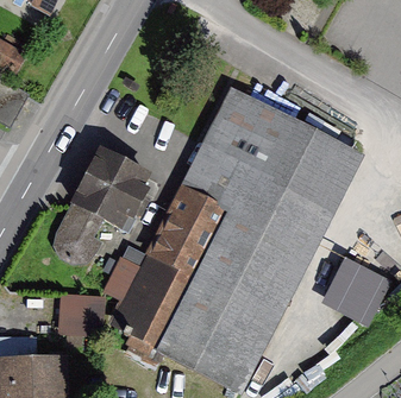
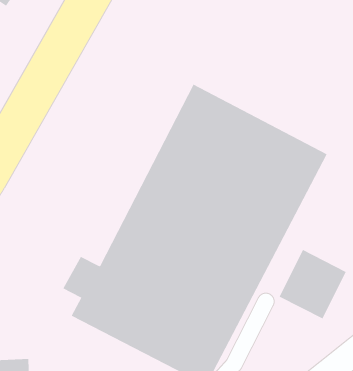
building: [48,146,159,263] -> none
building: [57,295,96,333] -> none

